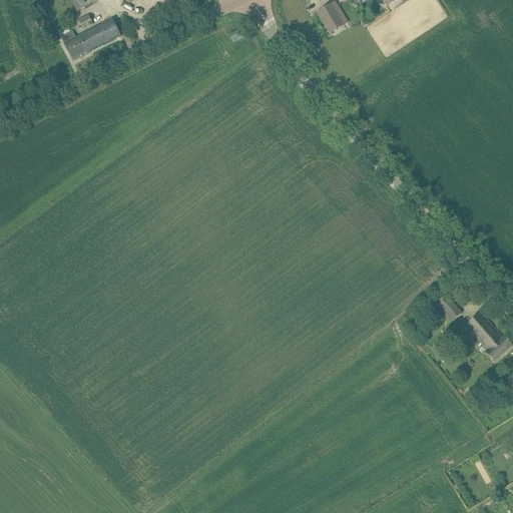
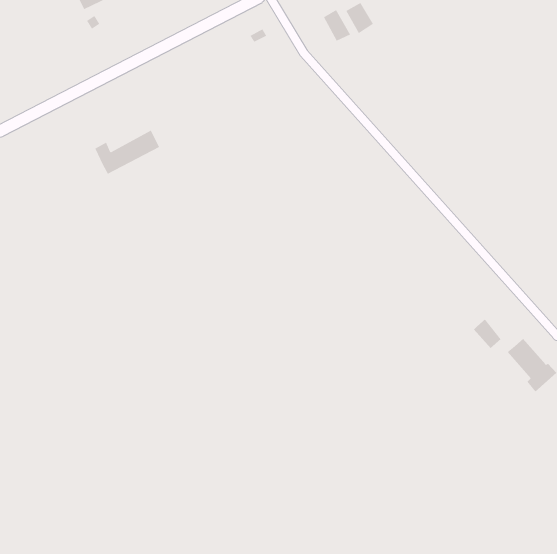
building: none -> [323,9,351,42]
building: [61,18,121,59] -> [95,130,160,175]

